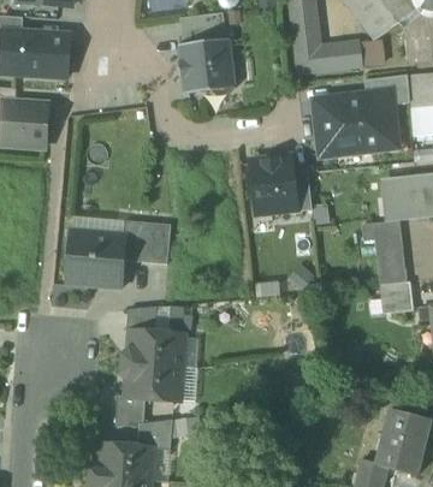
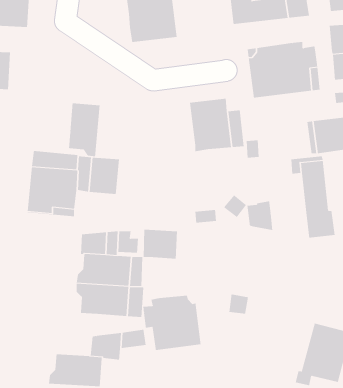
building: [362,75,408,105] -> none
building: none -> [68,103,100,157]
building: none -> [247,201,273,231]
building: none -> [143,229,177,259]
building: none -> [143,295,201,351]
building: [113,397,144,427] -> none

